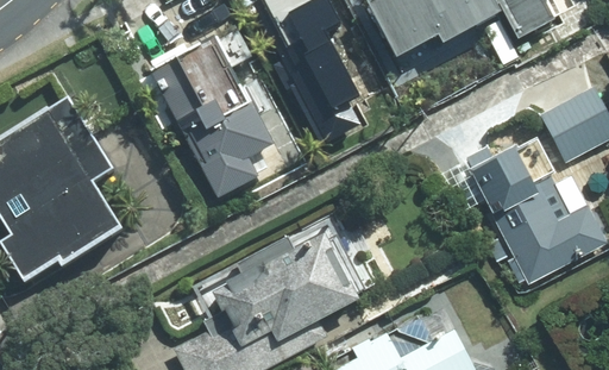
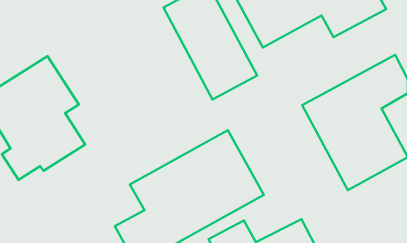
building: [147,21,295,203] -> none

